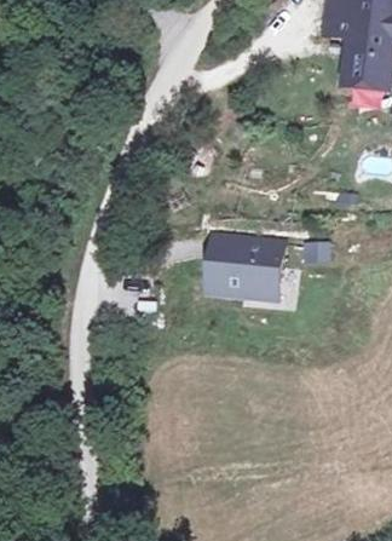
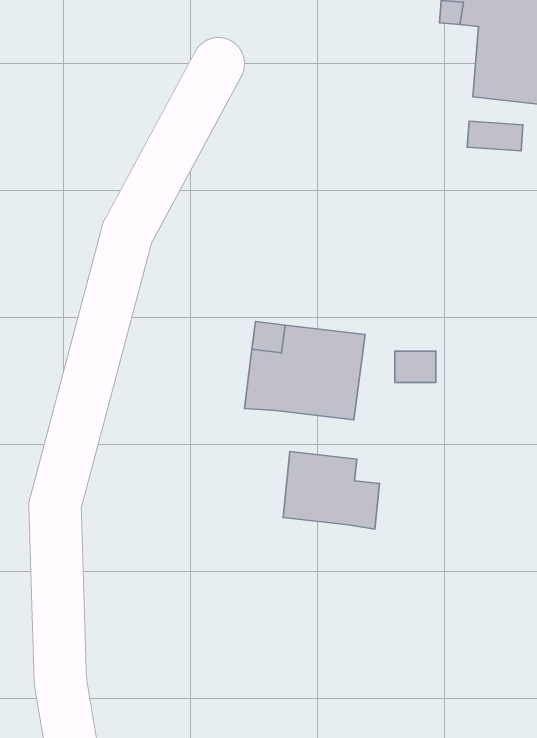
building: none -> [283,451,380,529]

